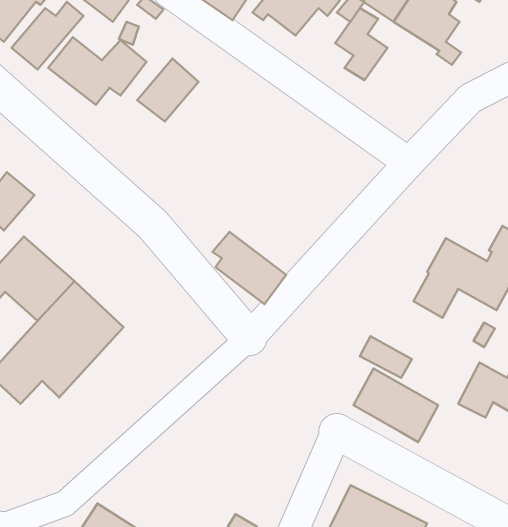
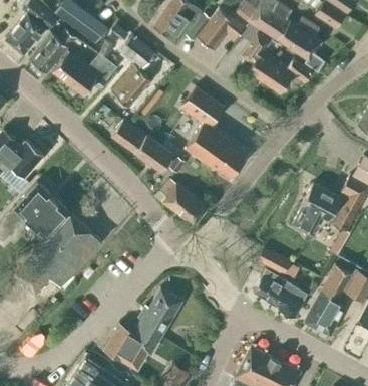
building: none -> [121,36,155,69]
building: none -> [260,59,312,94]
building: none -> [181,87,248,179]
building: none -> [112,121,185,173]
building: none -> [104,288,181,368]
building: none -> [304,293,346,336]

